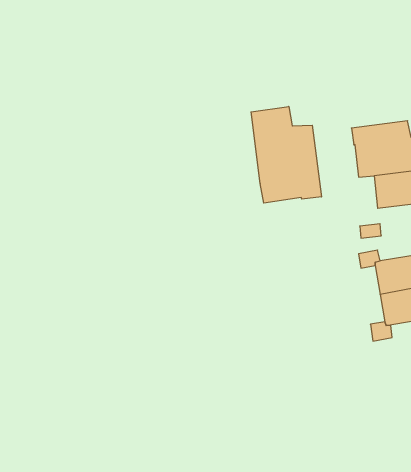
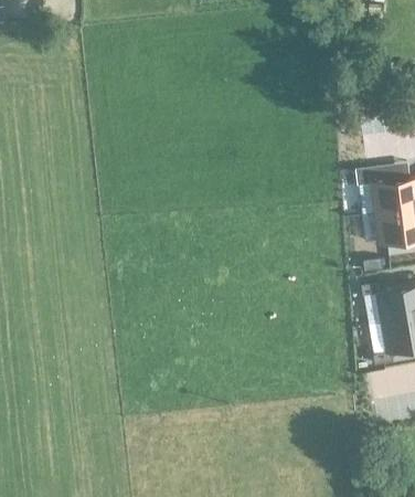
building: [251,106,321,203] -> none

